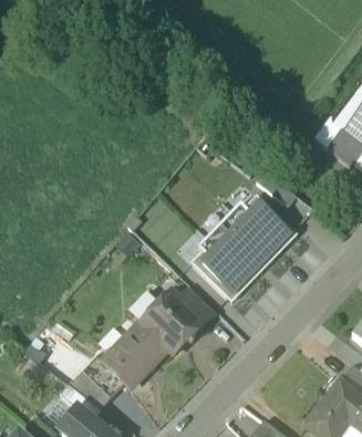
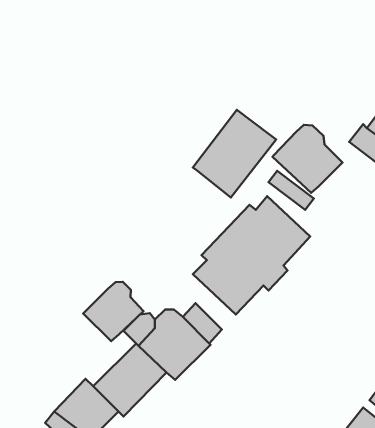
building: none -> [193,110,276,198]
building: none -> [273,125,342,193]
building: none -> [83,282,143,341]

